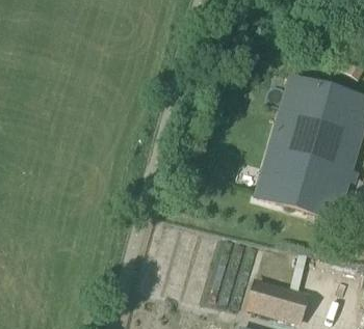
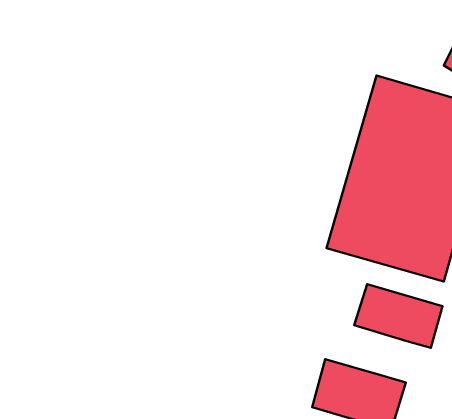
building: none -> [354,284,443,348]

